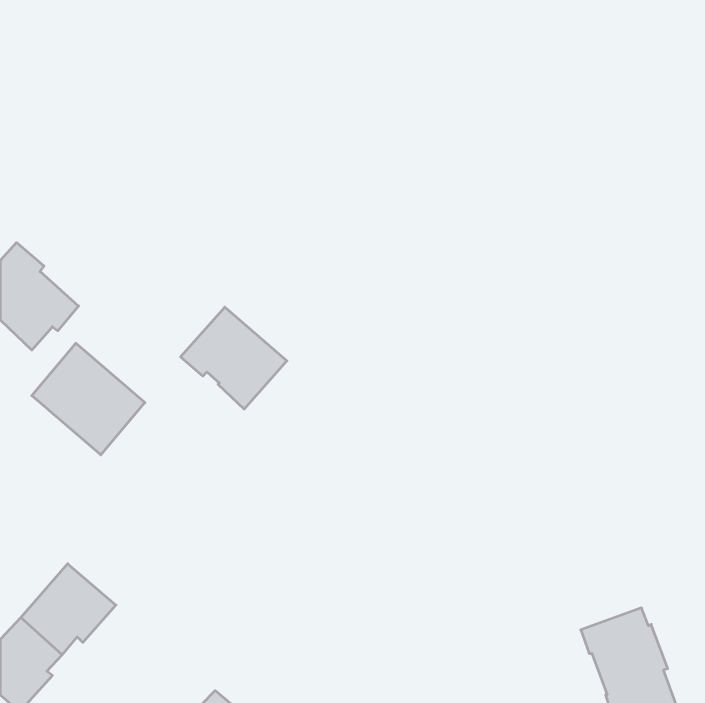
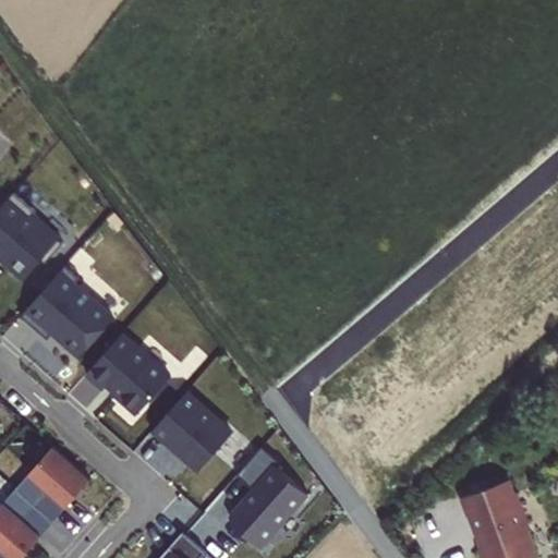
building: [181,307,287,409] -> [86,335,170,415]
building: none -> [151,393,232,470]
building: none -> [232,447,308,548]

